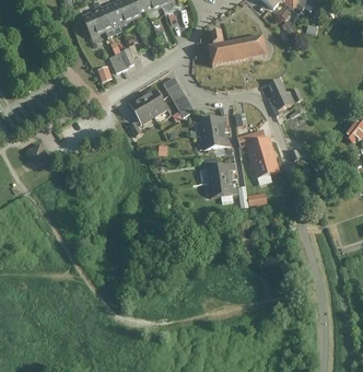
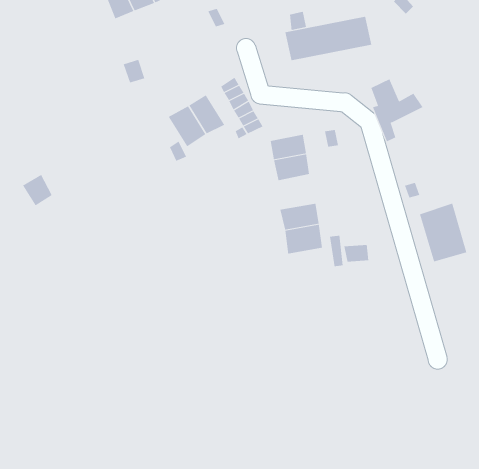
building: [109,43,139,71] -> none
building: [246,137,279,177] -> [419,203,467,262]

